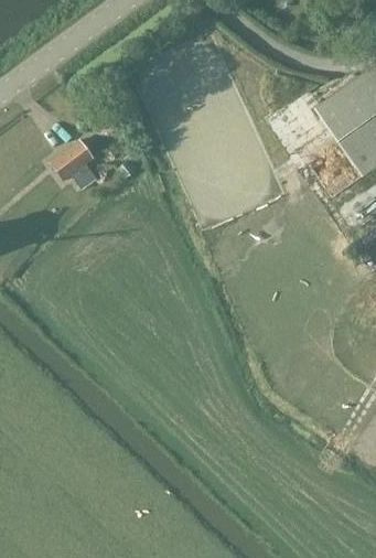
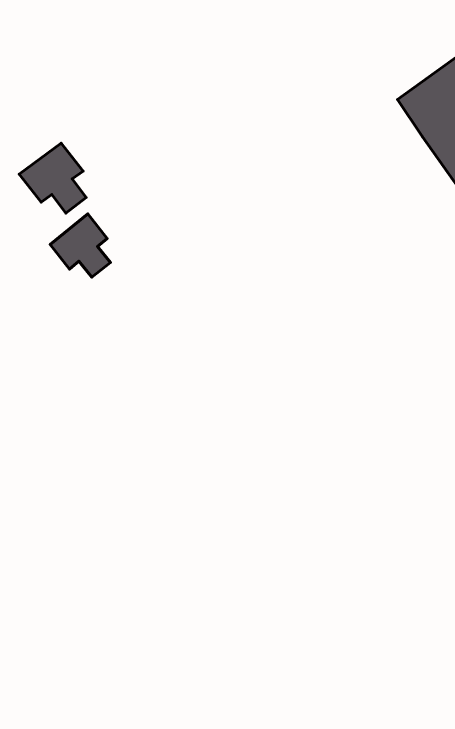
building: none -> [50,214,110,277]

